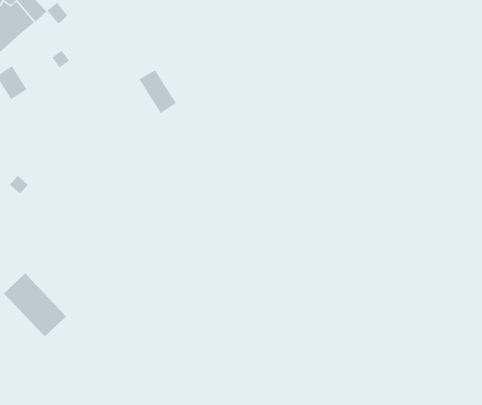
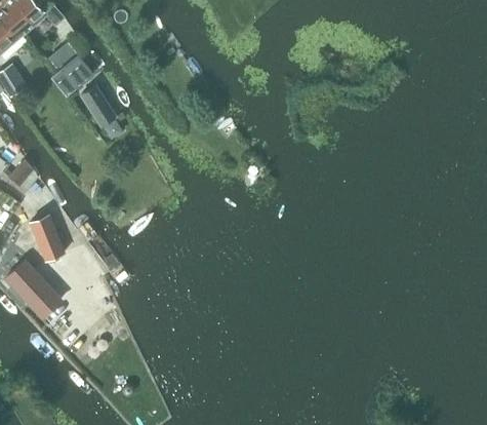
building: none -> [58,54,92,88]
building: [139,69,177,114] -> [80,85,116,127]
building: none -> [29,215,65,262]

